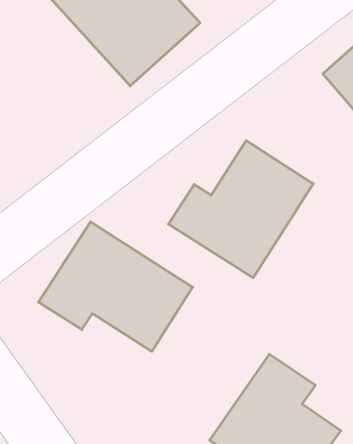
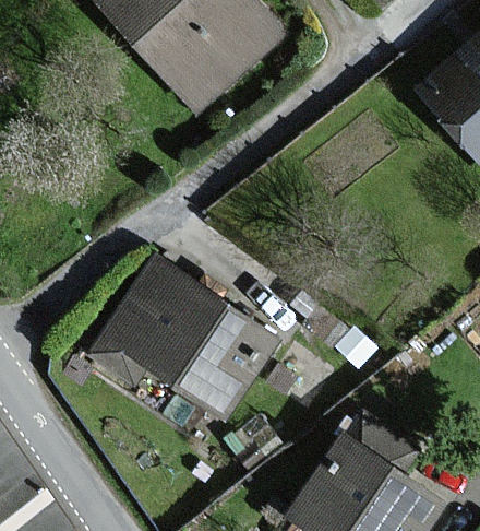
building: [168,141,313,278] -> none

